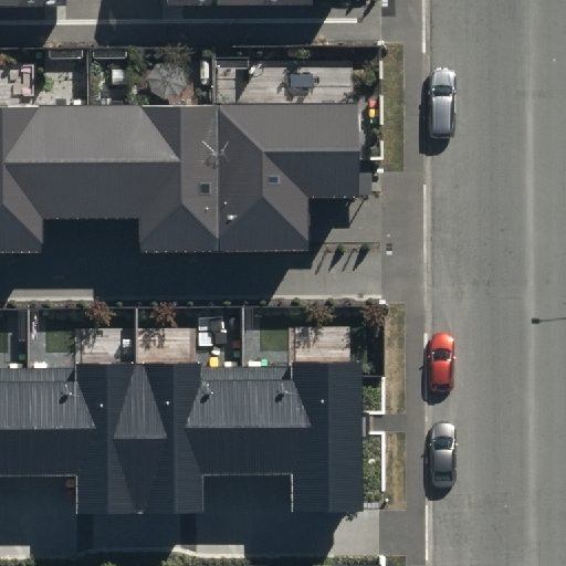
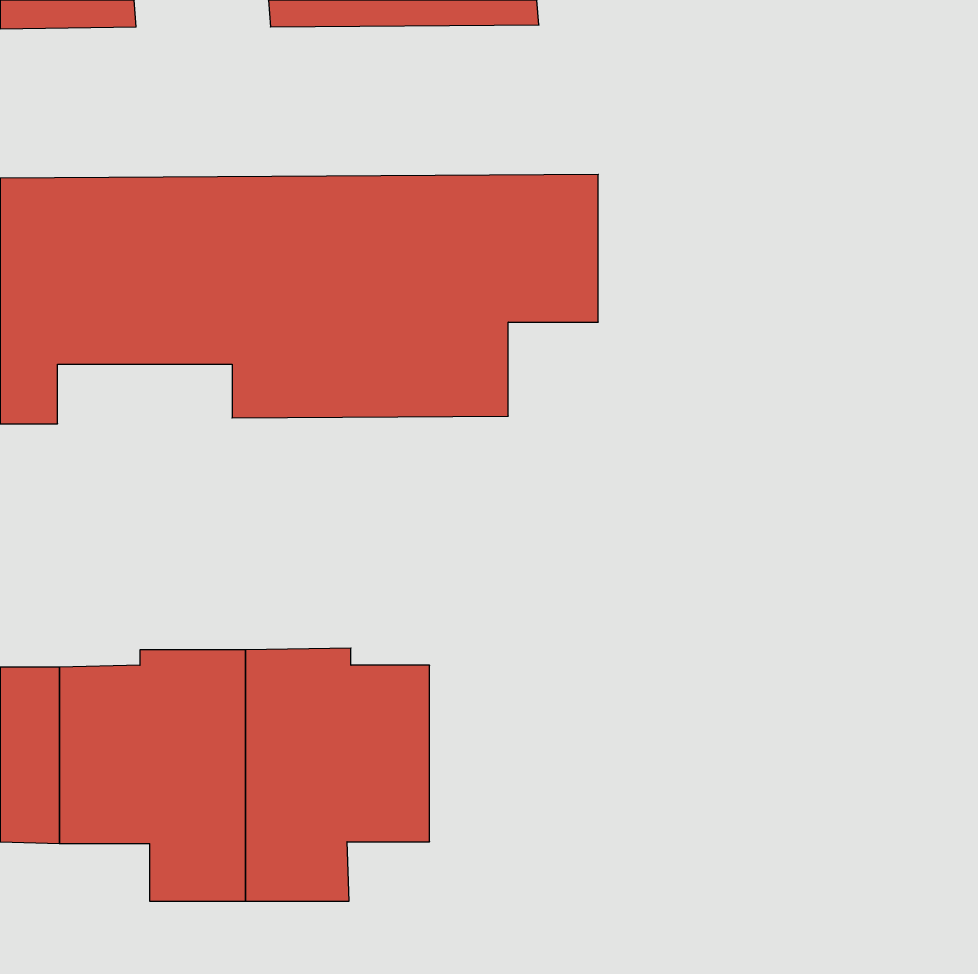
building: [249,376,357,522] -> none

